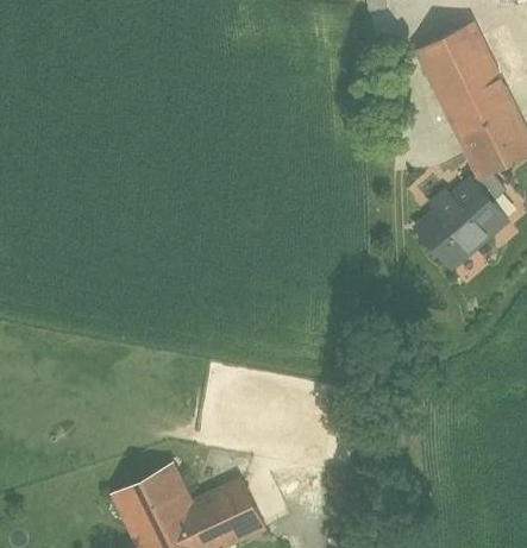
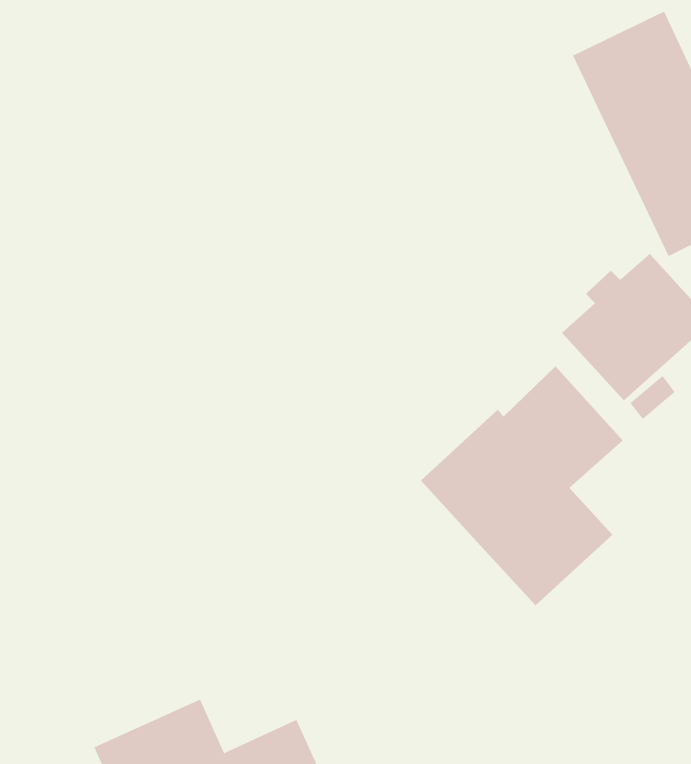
building: none -> [420,366,623,606]

